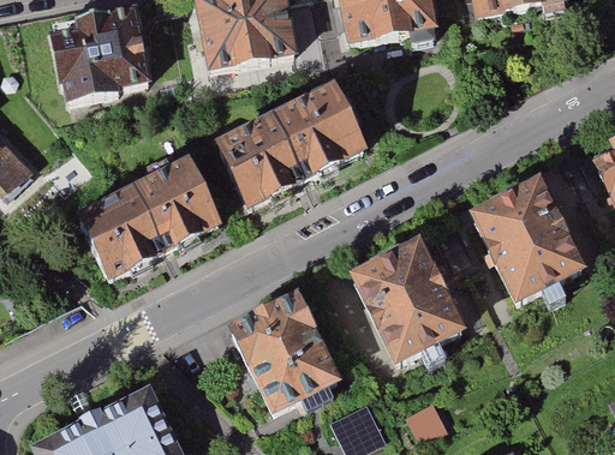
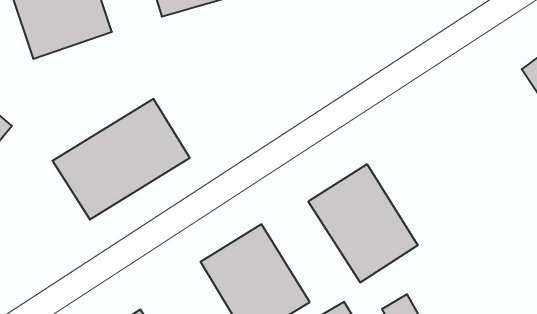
building: [214,78,369,205] -> none
building: [468,186,581,312] -> none

